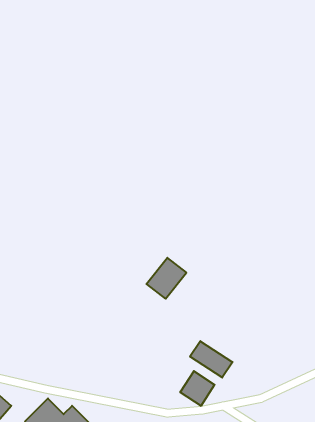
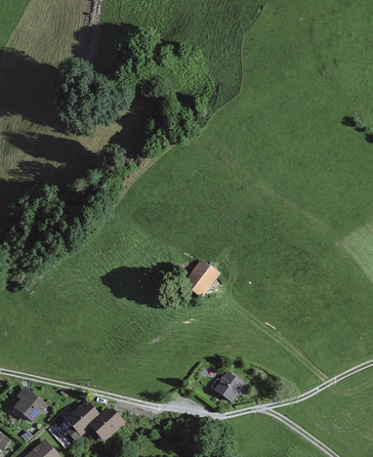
building: [190,341,233,378] -> none

